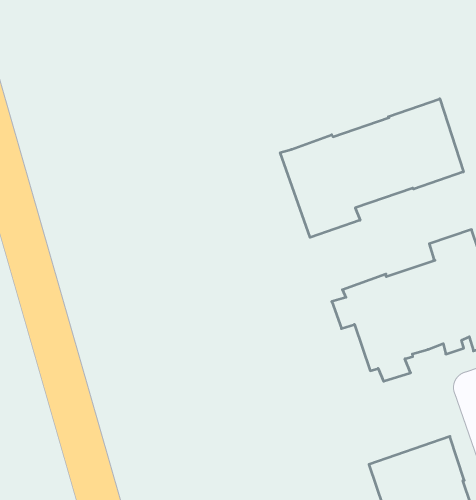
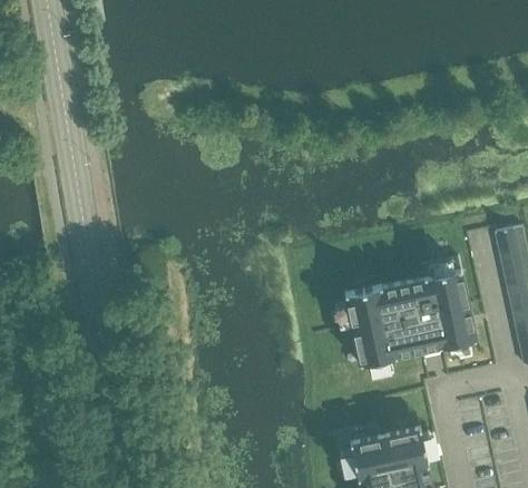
building: [280,99,463,237] -> none

